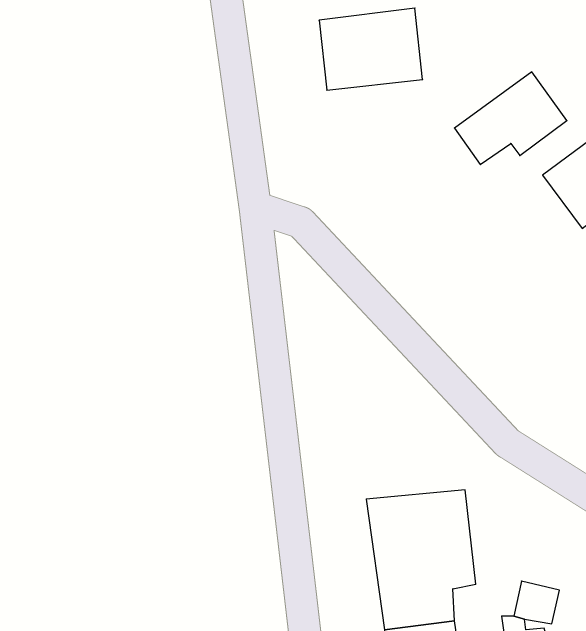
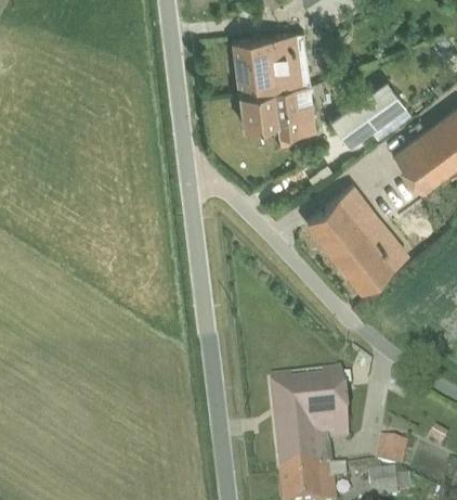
building: none -> [240,87,314,138]
building: none -> [312,190,408,293]

